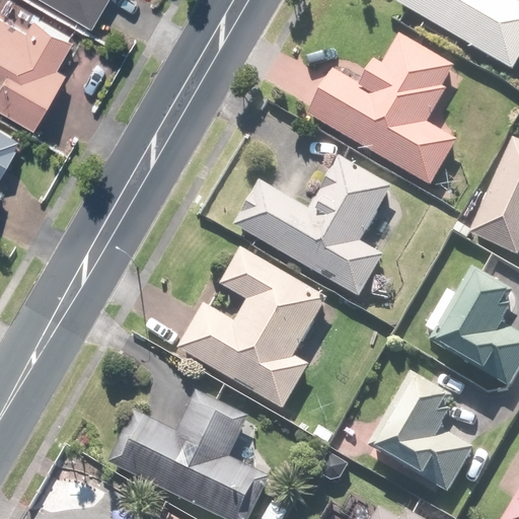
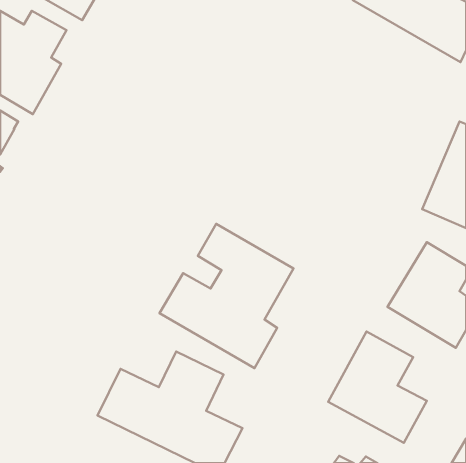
building: [306,33,457,184] -> none
building: [233,156,391,296] -> none

